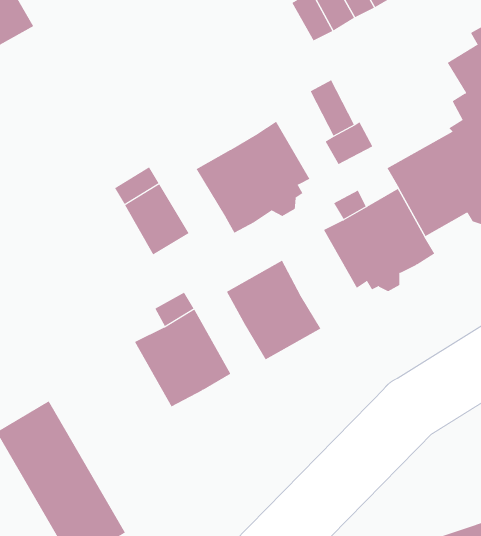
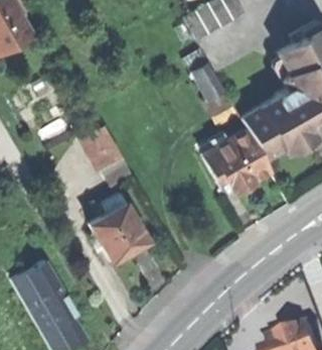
building: [196,121,310,233] -> none
building: [226,260,321,360] -> none

